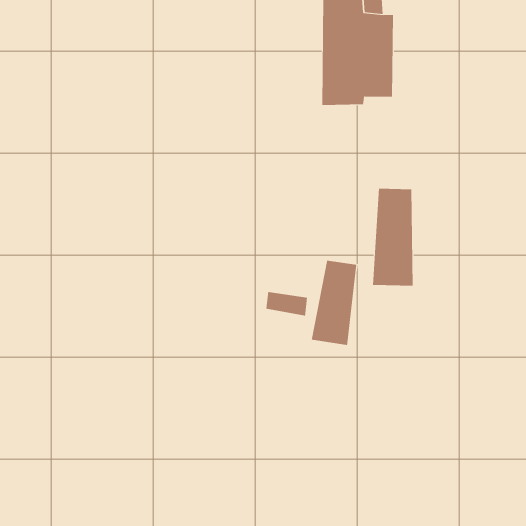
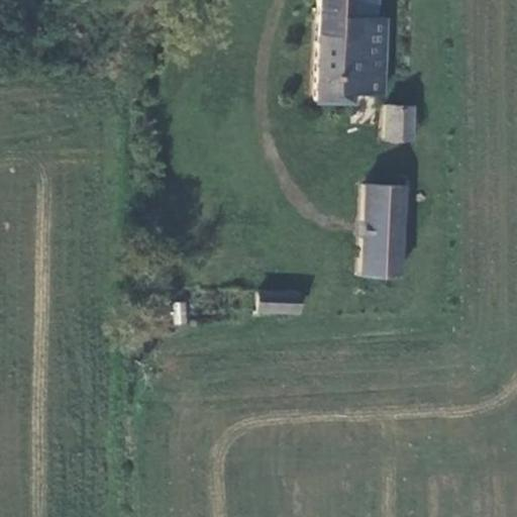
building: none -> [383,108,410,143]
building: [311,260,357,346] -> none

